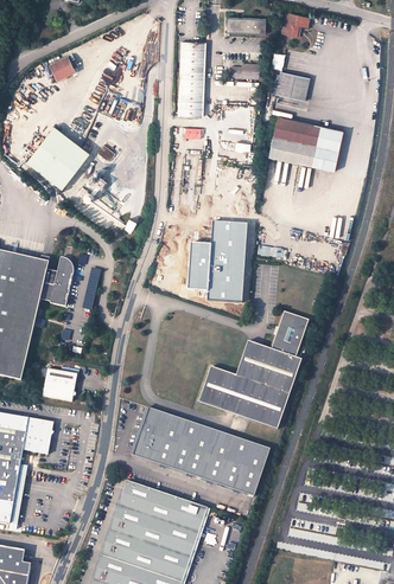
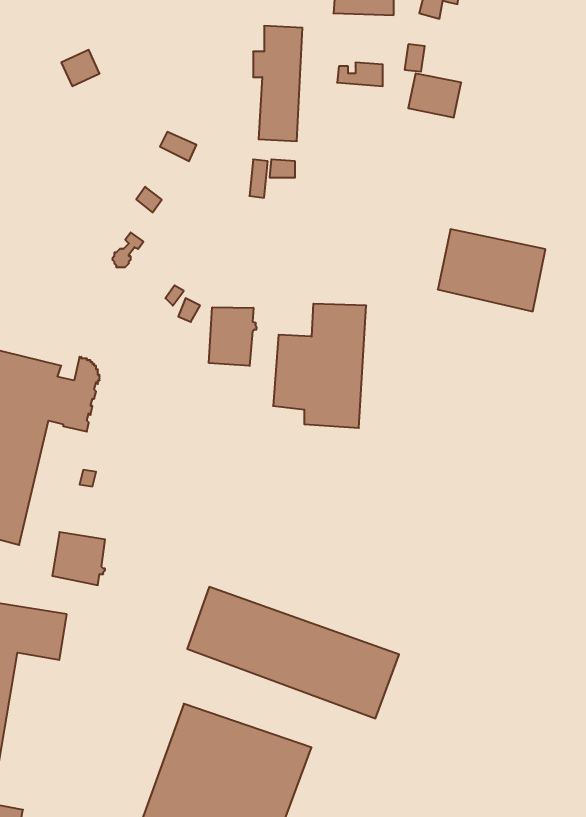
building: [271,117,341,171] -> [438,229,545,311]
building: [27,127,90,190] -> none
building: none -> [209,307,256,366]
building: [197,312,309,430] -> none

